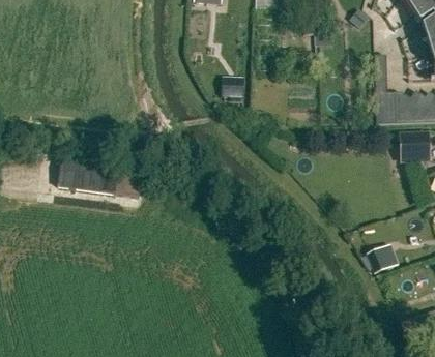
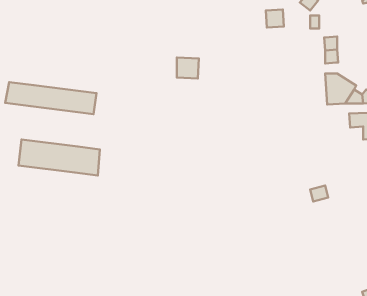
building: none -> [5,82,96,114]
building: [367,243,398,273] -> none

